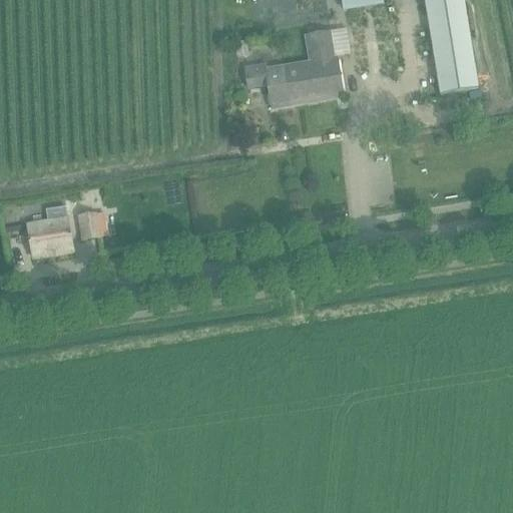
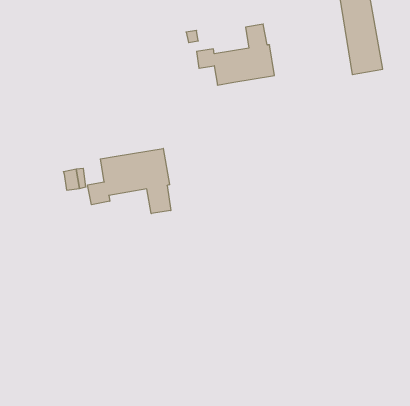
building: none -> [88,148,171,214]
building: [27,203,73,255] -> none

